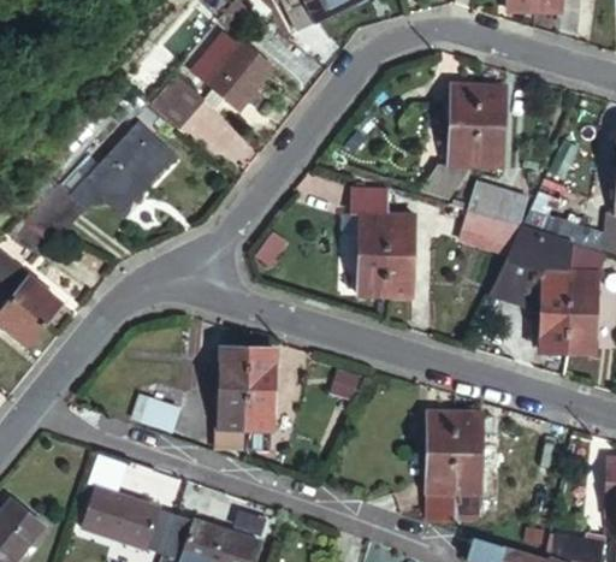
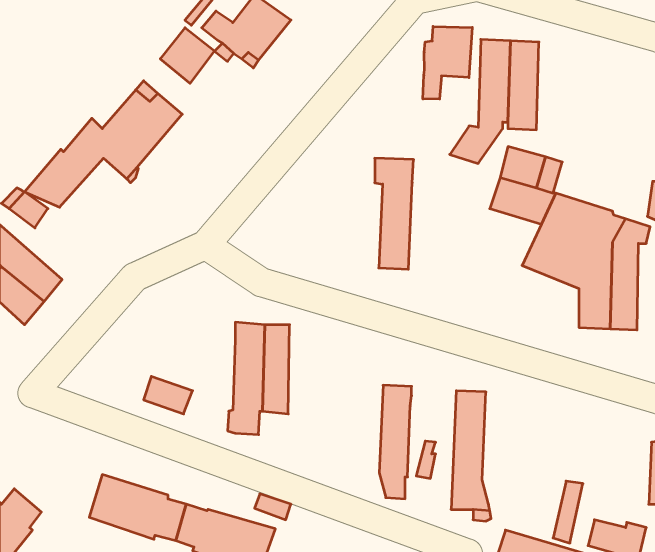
building: none -> [423,26,472,99]
building: [384,215,413,297] -> none
building: [452,410,482,516] -> [379,385,412,499]

